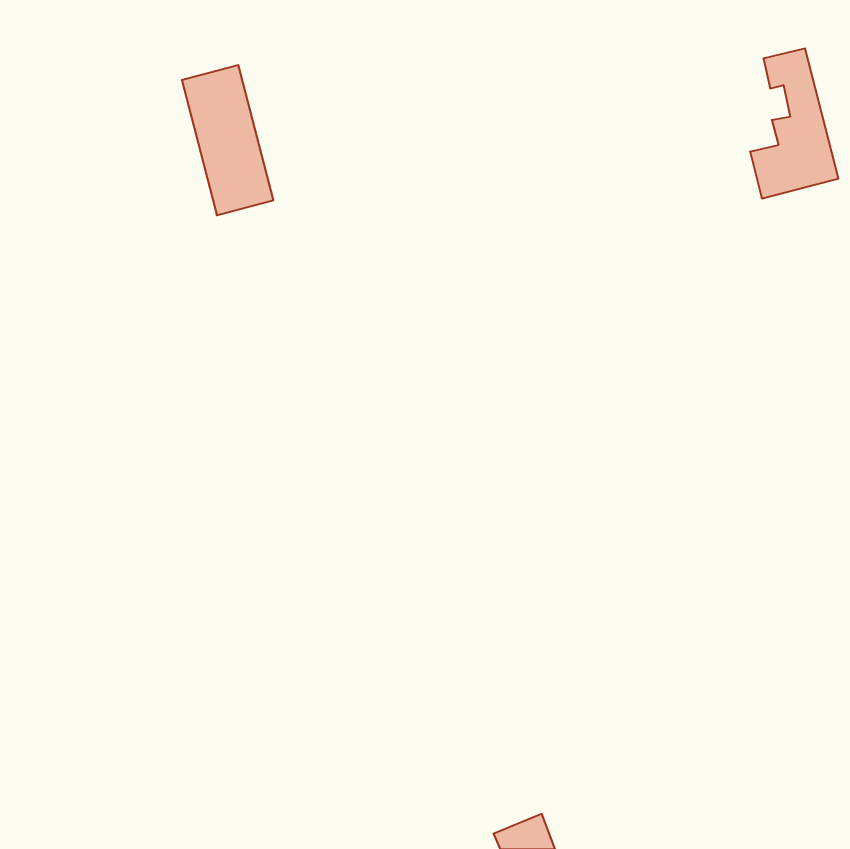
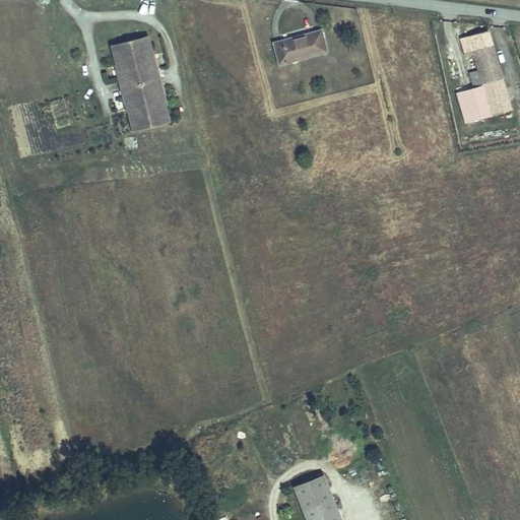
building: none -> [275,29,328,64]
building: none -> [292,472,331,508]

